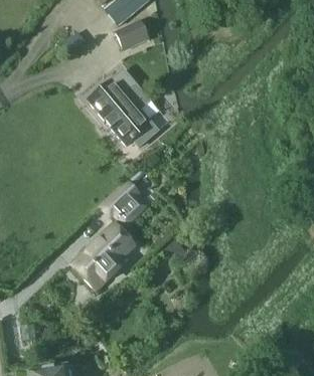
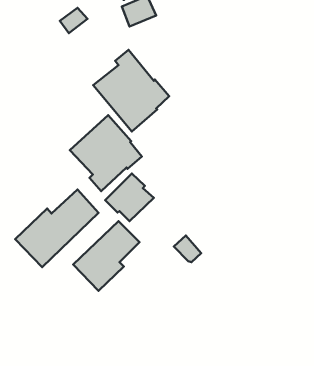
building: none -> [70,115,142,191]
building: none -> [15,189,99,267]

